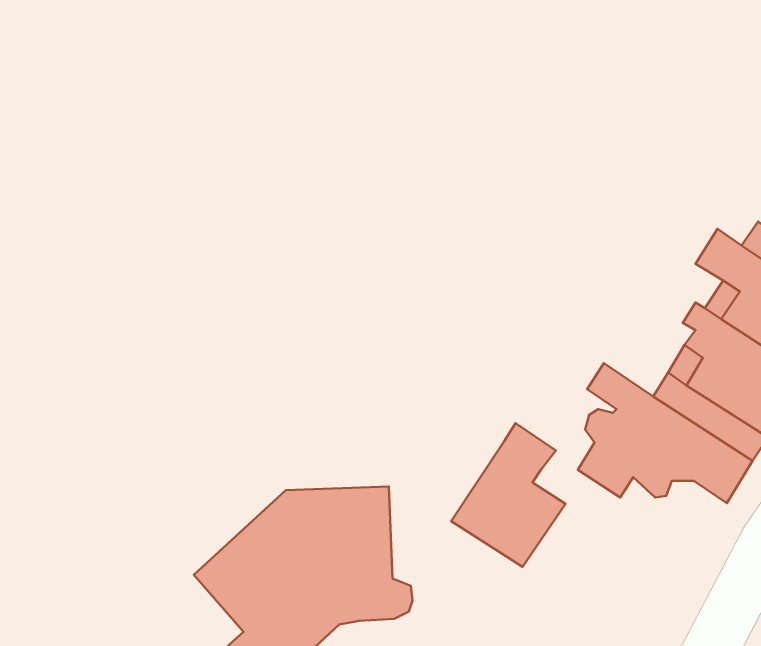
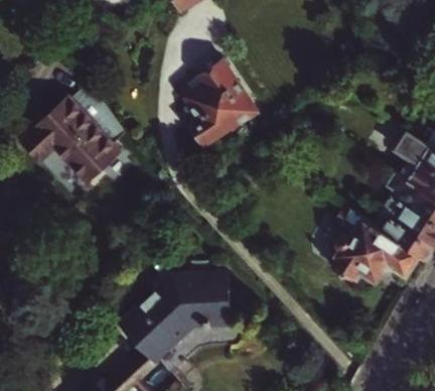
building: none -> [179,61,257,146]
building: none -> [20,83,124,182]
building: [451,423,565,567] -> none

